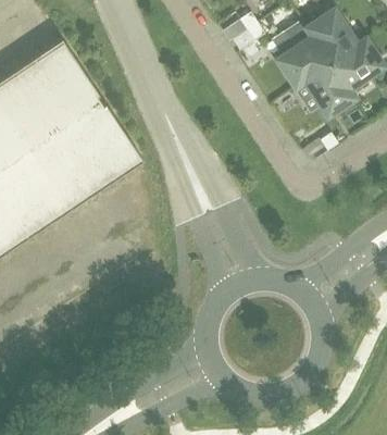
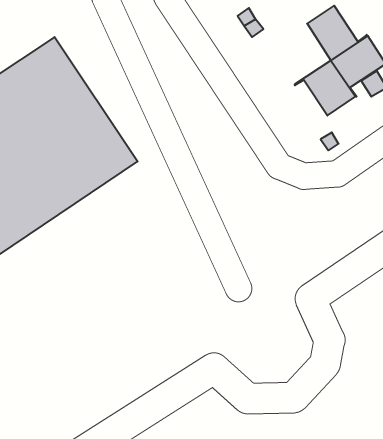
building: [274,20,327,85] -> none

